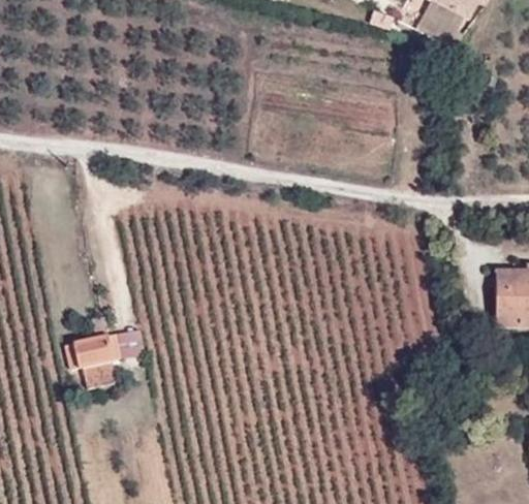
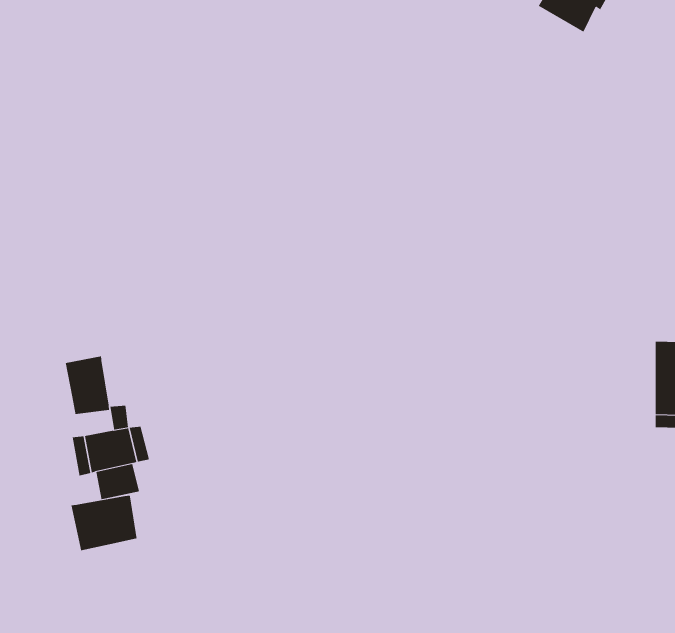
building: none -> [65,355,110,415]
building: none -> [71,495,137,551]

